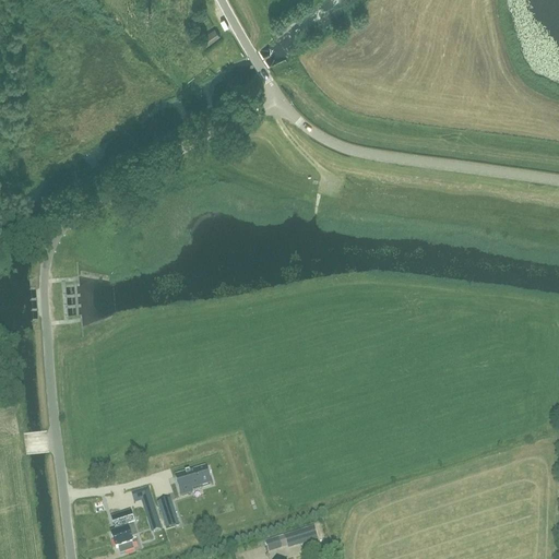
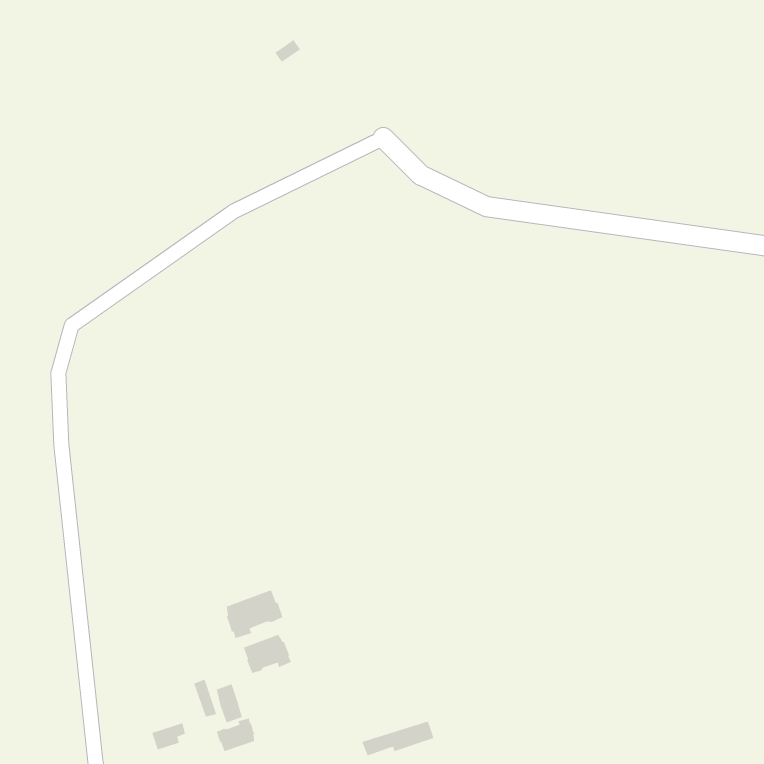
building: none -> [226,589,284,639]
building: none -> [216,717,255,752]

